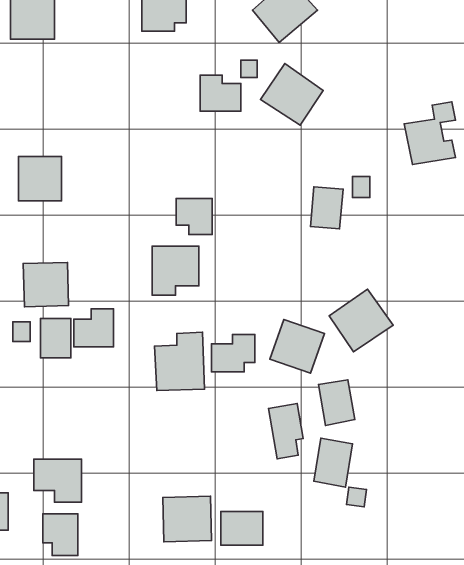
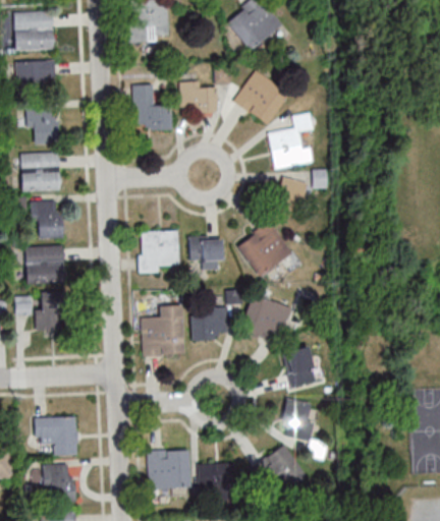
building: none -> [17,61,54,86]
building: none -> [133,84,171,129]
building: [404,102,455,165] -> [268,114,313,169]
building: none -> [28,110,57,142]
building: [176,198,212,235] -> [190,237,222,269]
building: none -> [34,200,62,238]
building: [329,289,393,352] -> [236,222,292,277]
building: [74,309,114,347] -> none
building: [269,403,303,459] -> none
building: none -> [253,444,306,493]

